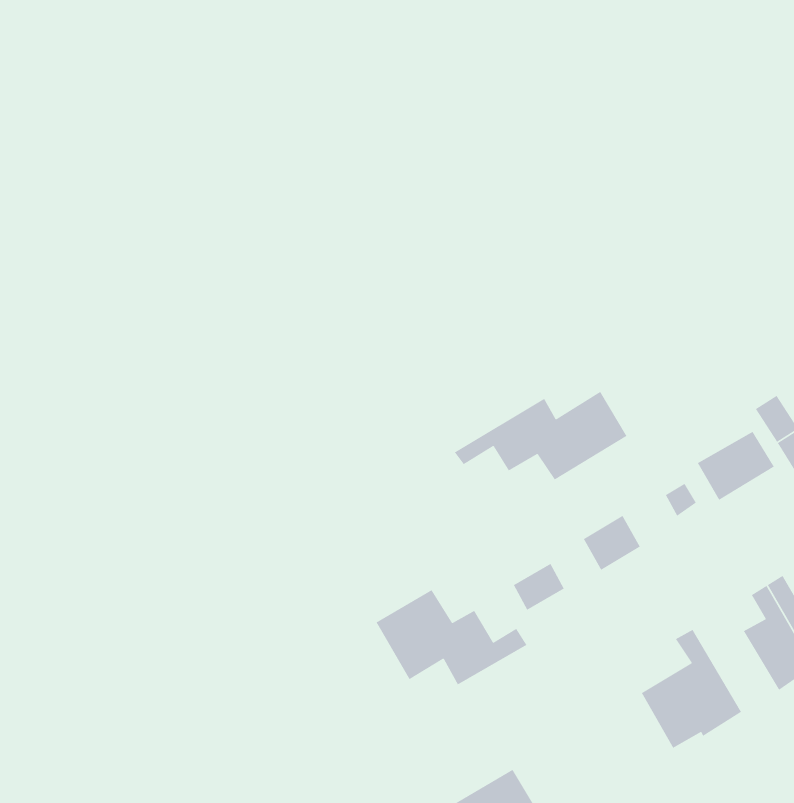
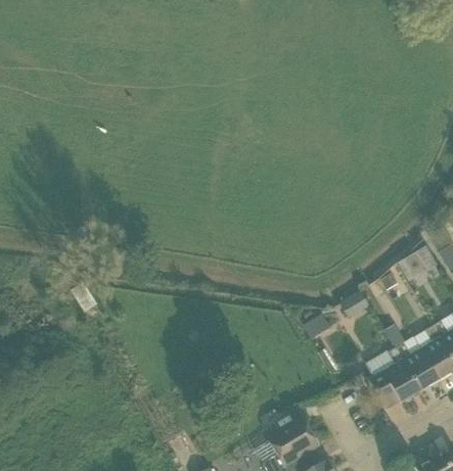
building: [454,391,628,480] -> none
building: none -> [386,325,440,391]
building: [376,589,528,686] -> none

